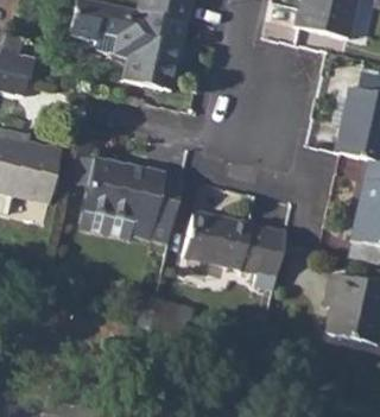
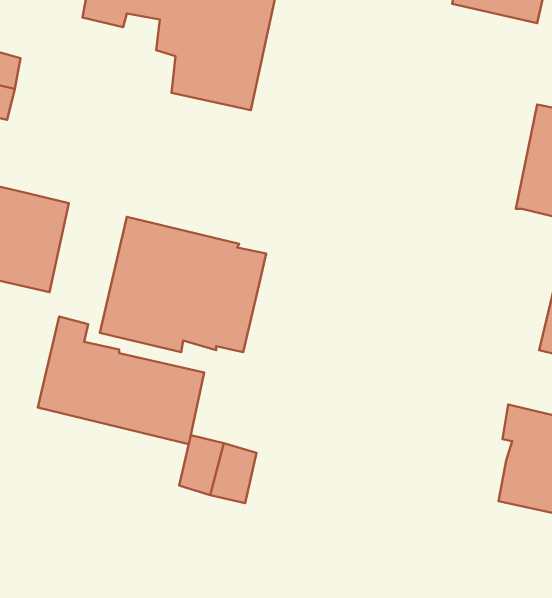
building: [165,194,267,272] -> [38,317,204,444]

